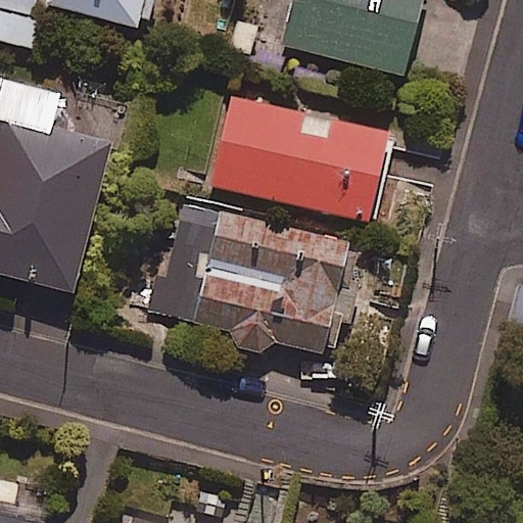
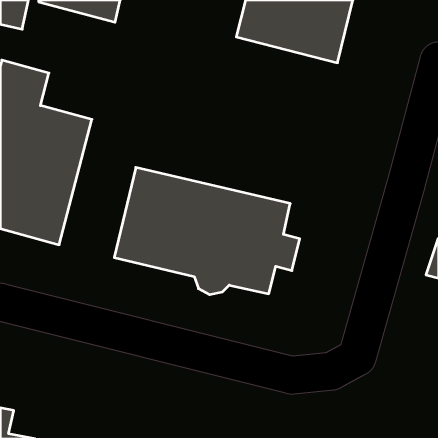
building: [210,96,388,221] -> none

